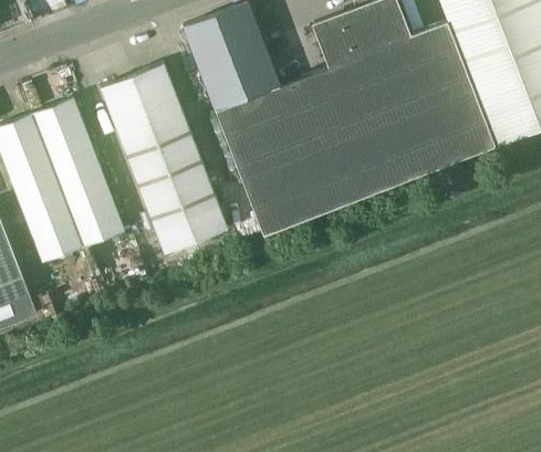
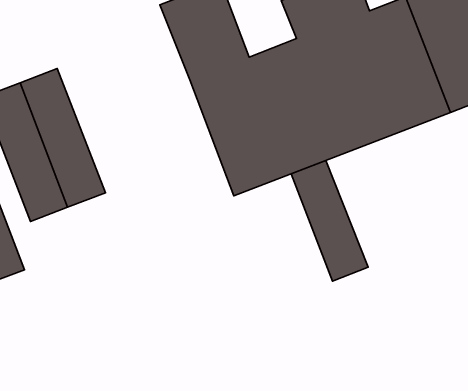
building: [101,64,228,254] -> none
building: none -> [291,160,368,281]

